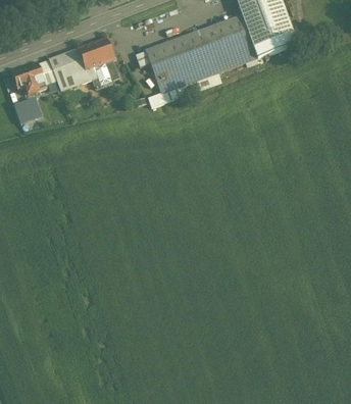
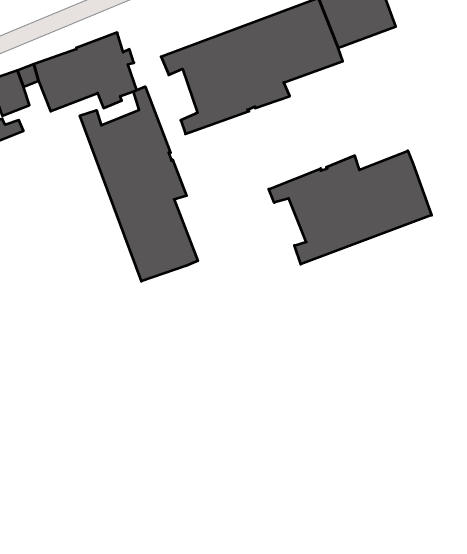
building: none -> [80,87,198,281]
building: none -> [269,151,432,264]

